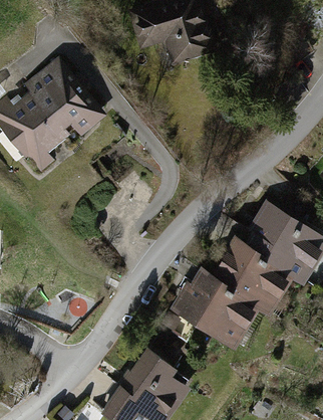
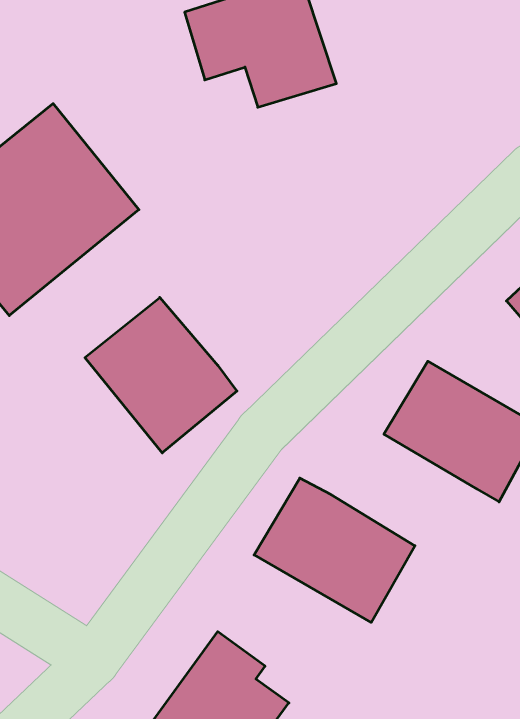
building: none -> [85,297,237,453]
building: [212,238,292,309] -> none

